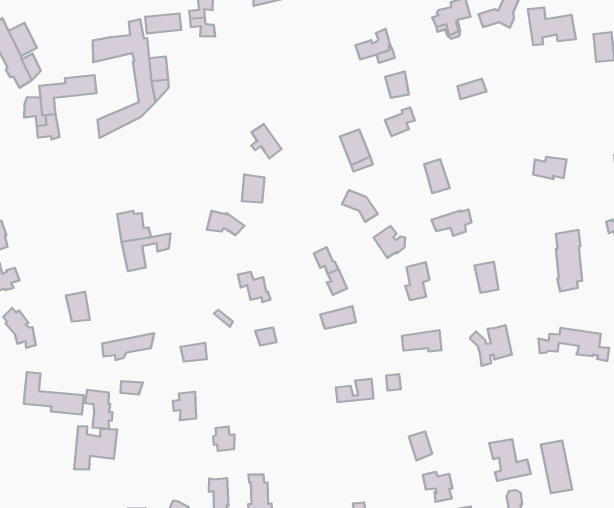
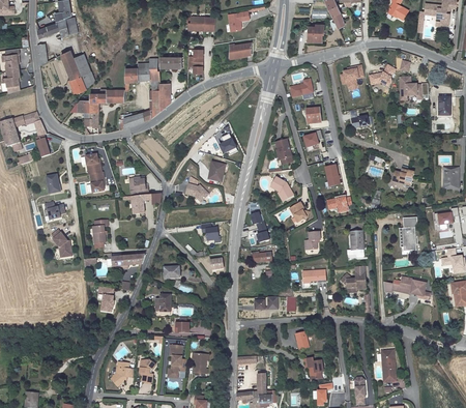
building: none -> [86,153,105,192]
building: [24,372,84,415] -> none
building: [74,426,117,470] -> none
building: [489,439,531,481] -> none

